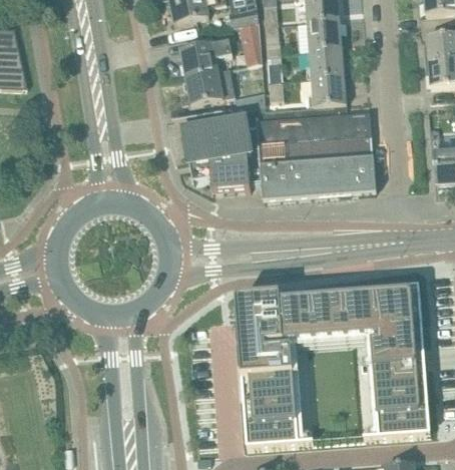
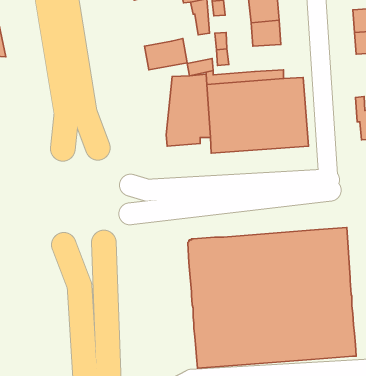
building: [179,37,232,74] -> none
building: [311,72,346,103] -> none
building: [174,109,217,180] -> none

